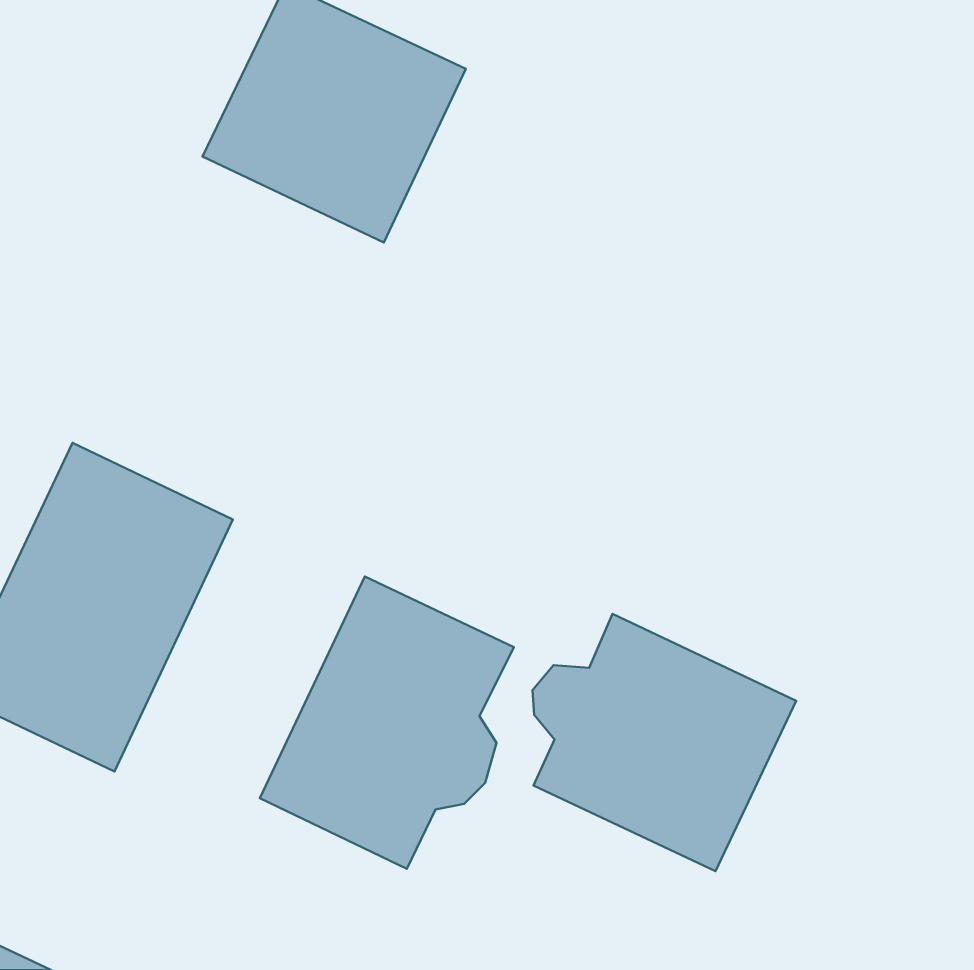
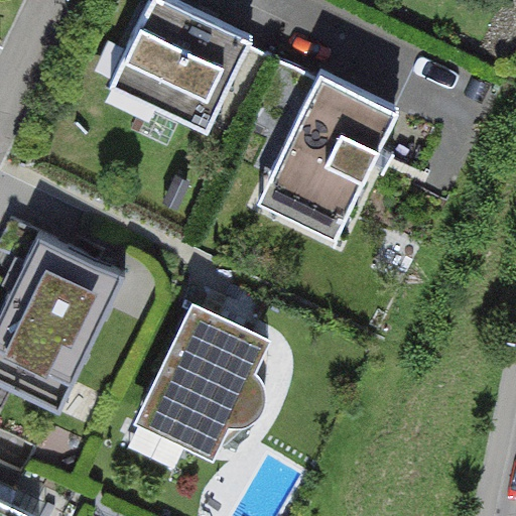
building: none -> [250,71,405,252]
building: [532,614,796,871] -> none

